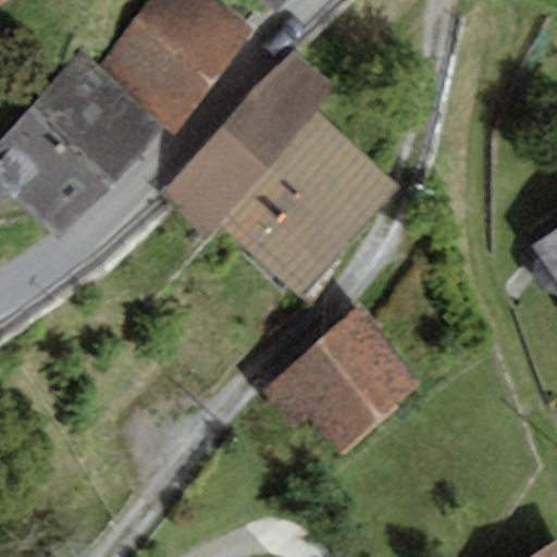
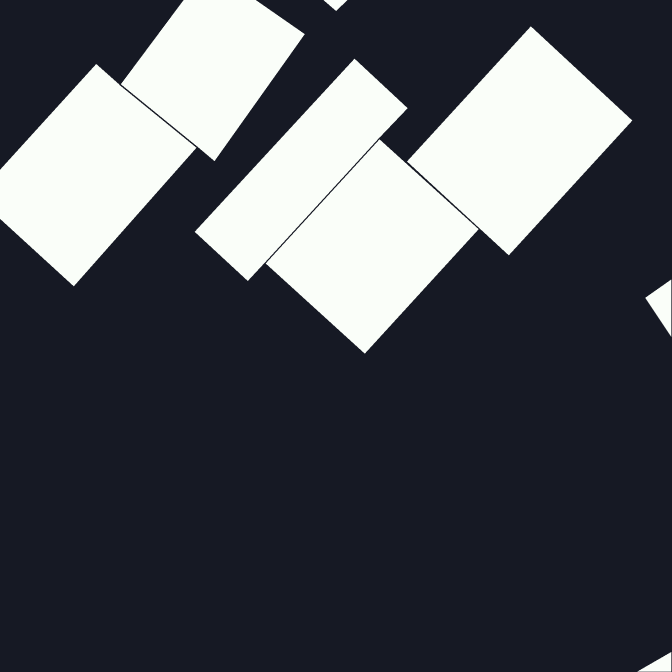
building: none -> [406,26,633,256]
building: [262,306,423,453] -> none

